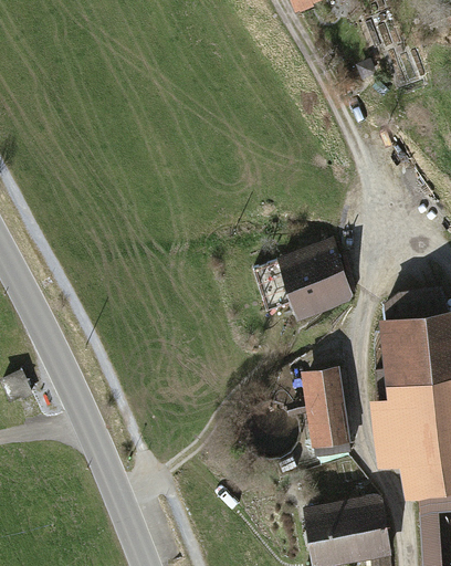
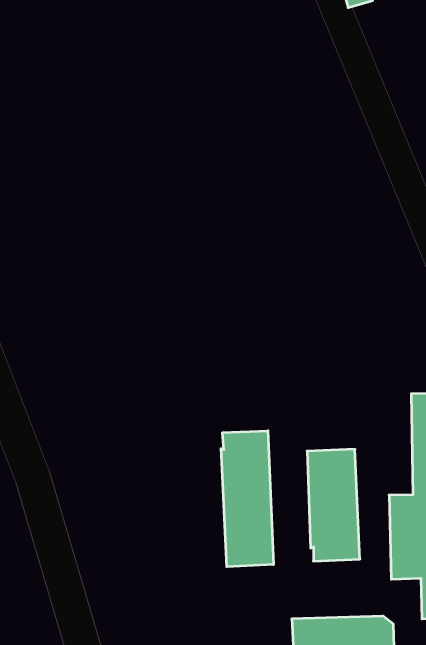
building: [254,237,353,319] -> none
building: none -> [221,431,273,567]

